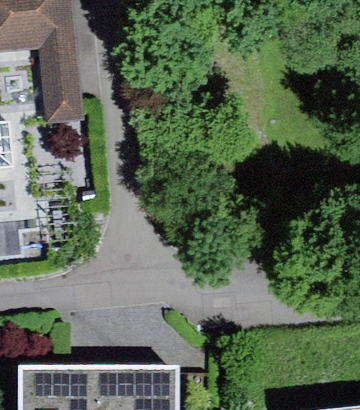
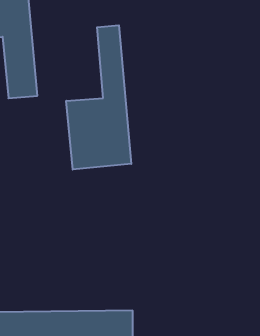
building: none -> [66,25,131,170]

